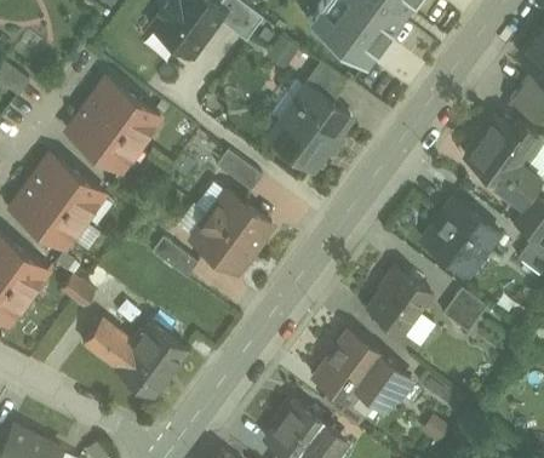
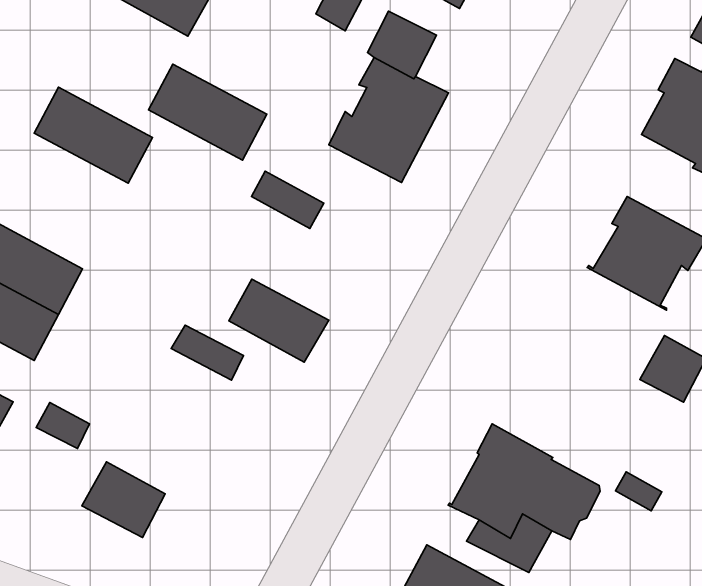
building: [67,105,141,172] -> [149,64,267,160]
building: [210,193,271,250] -> none
building: [367,267,433,344] -> none
building: [116,325,185,397] -> none

